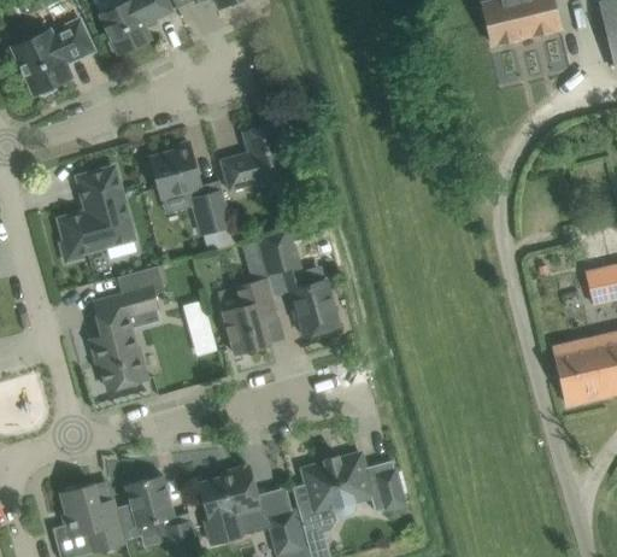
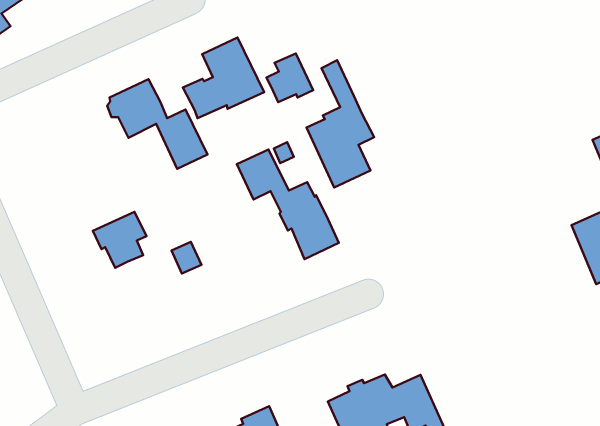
building: none -> [266,54,313,102]
building: [60,168,134,260] -> none
building: [219,239,280,354] -> [307,60,374,187]
building: [90,316,148,389] -> none

